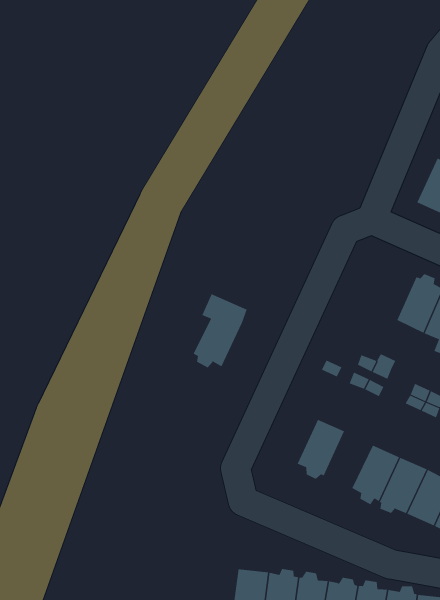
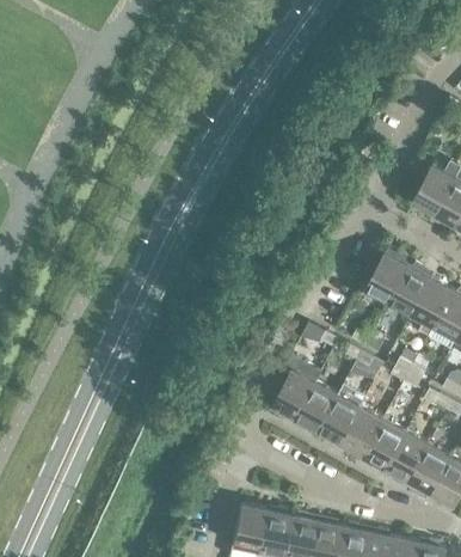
building: none -> [365,253,408,302]
building: [193,294,247,368] -> [272,356,321,420]
building: none -> [319,394,362,443]

